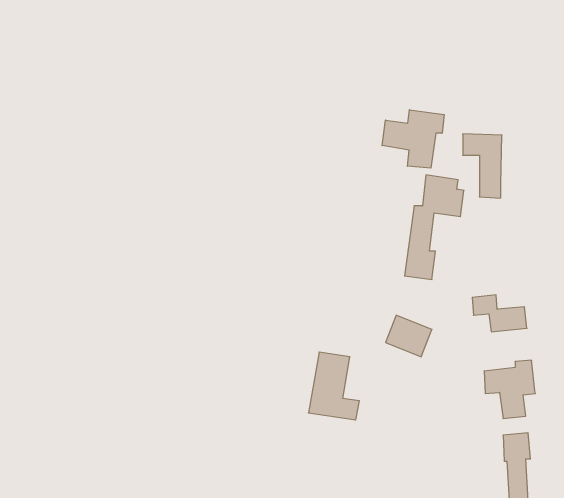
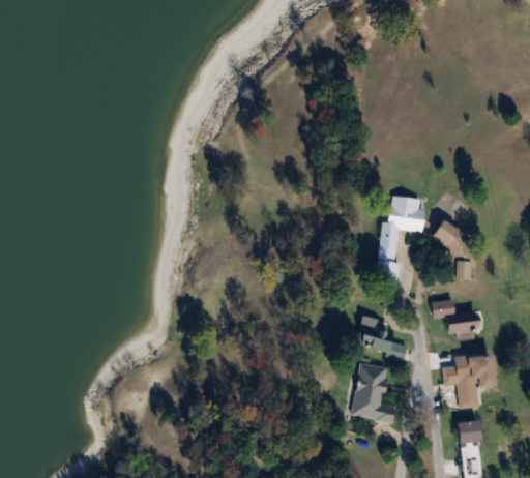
building: [382,110,444,168] -> none
building: [463,134,502,198] -> [438,225,472,280]
building: [308,352,359,420] -> [351,363,395,422]

